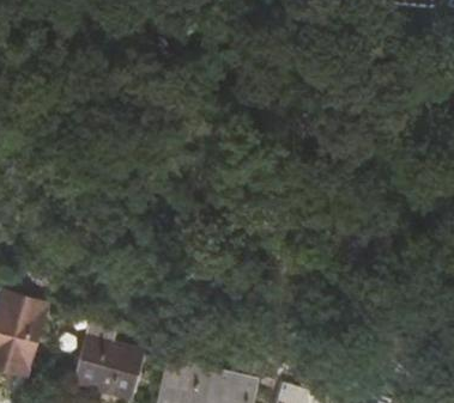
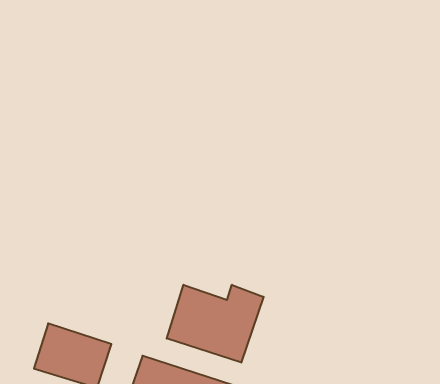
building: none -> [167,285,264,363]

